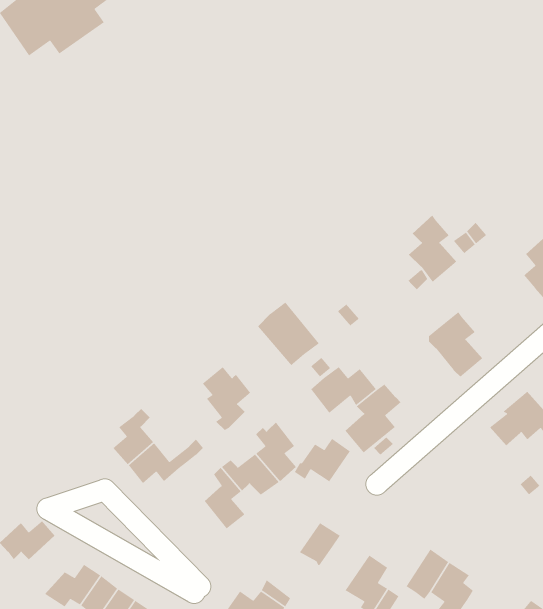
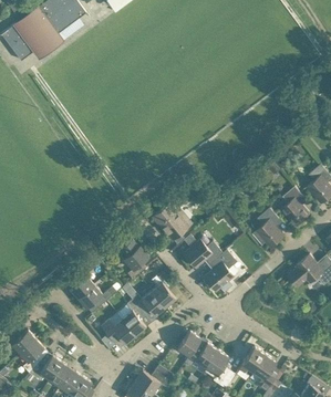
building: [408,214,457,283] -> [280,186,309,226]
building: [294,438,351,487] -> [184,342,217,370]
building: none -> [100,313,134,344]
building: none -> [19,338,46,373]

